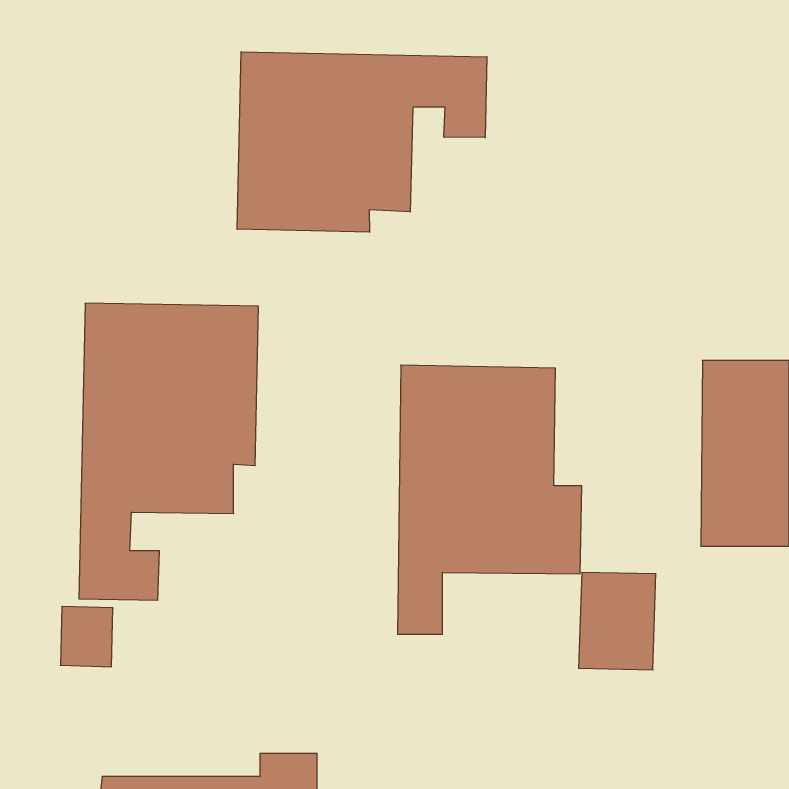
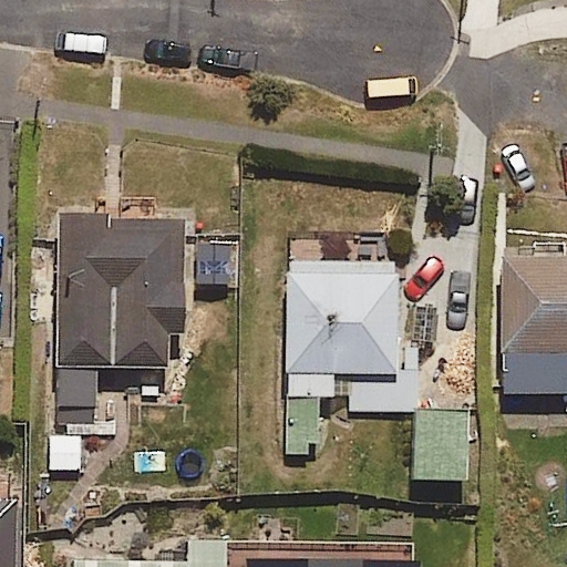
building: [237,52,487,232] -> none

